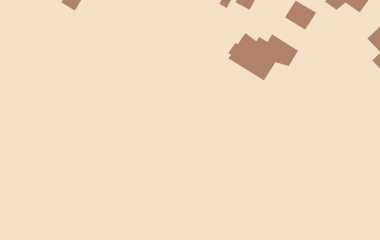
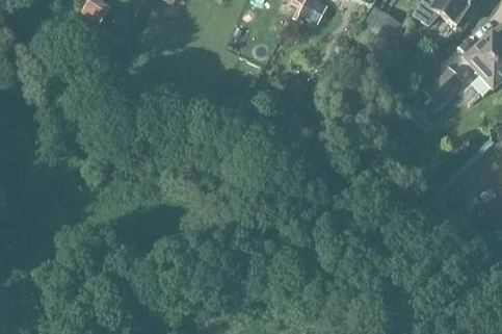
building: [227,32,299,81] -> none
building: none -> [424,62,468,103]

